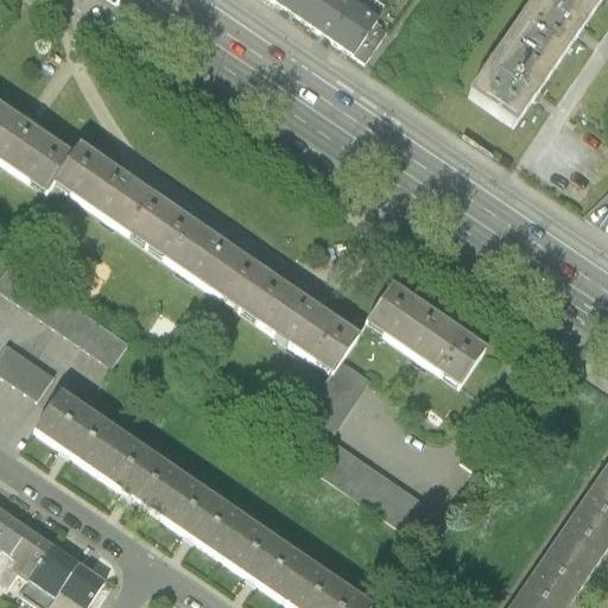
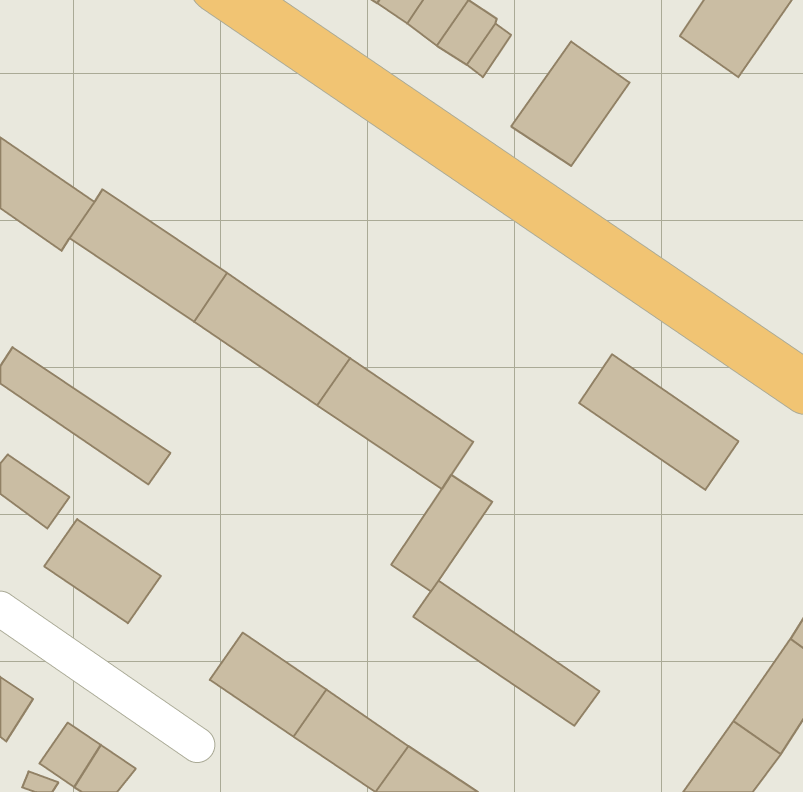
building: [469,27,558,121] -> [511,41,630,166]
building: [368,283,488,385] -> [579,354,738,490]
building: [99,433,185,512] -> none
building: [7,526,53,575] -> none

